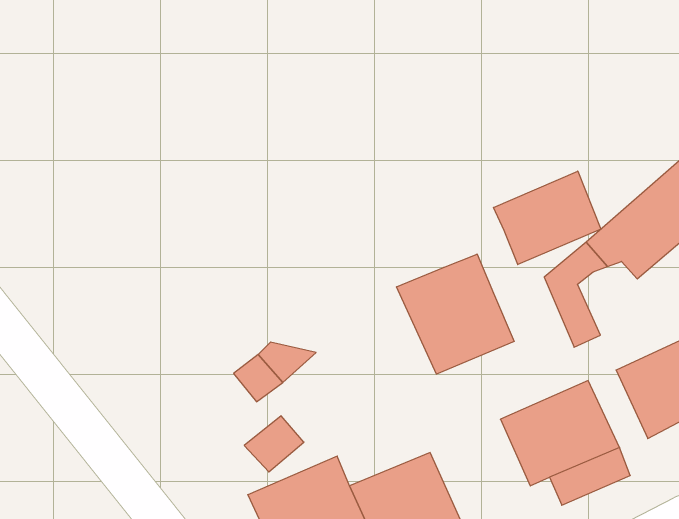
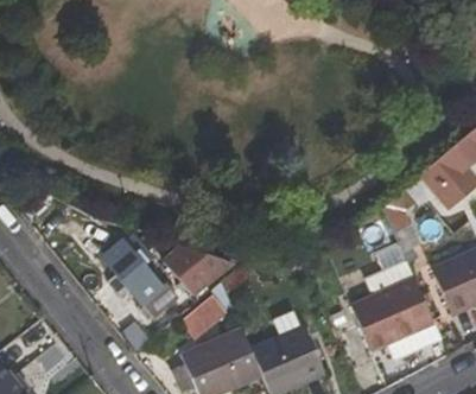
building: [494,171,601,265] -> none
building: [397,254,514,374] -> none
building: none -> [102,242,178,318]

